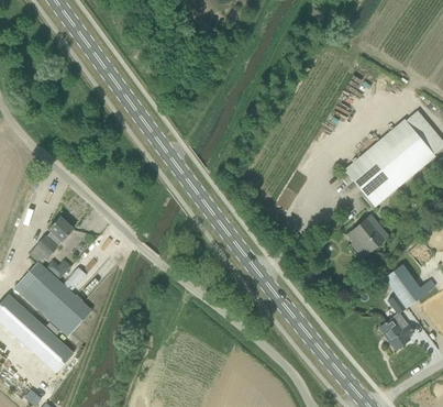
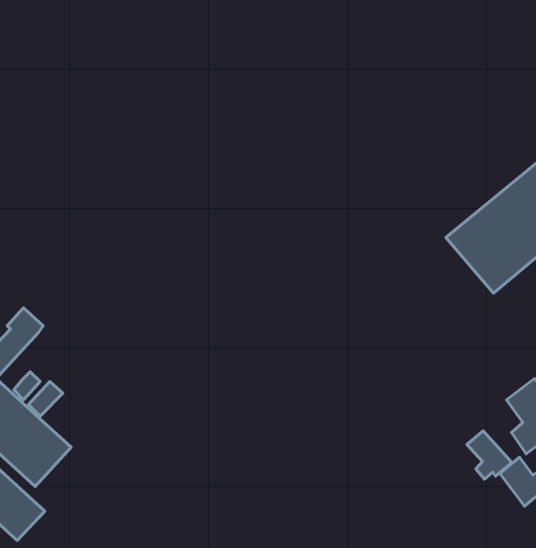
building: [347,215,384,252] -> none
building: none -> [467,431,512,479]

